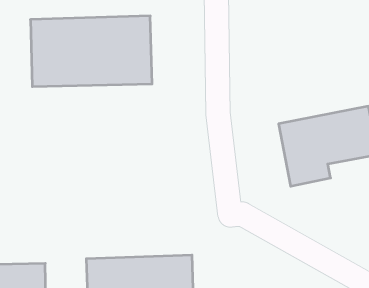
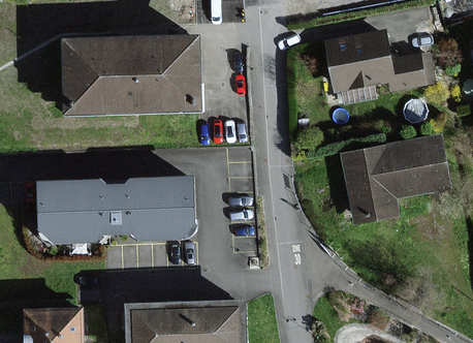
building: none -> [325,30,424,92]
building: none -> [36,176,194,243]

